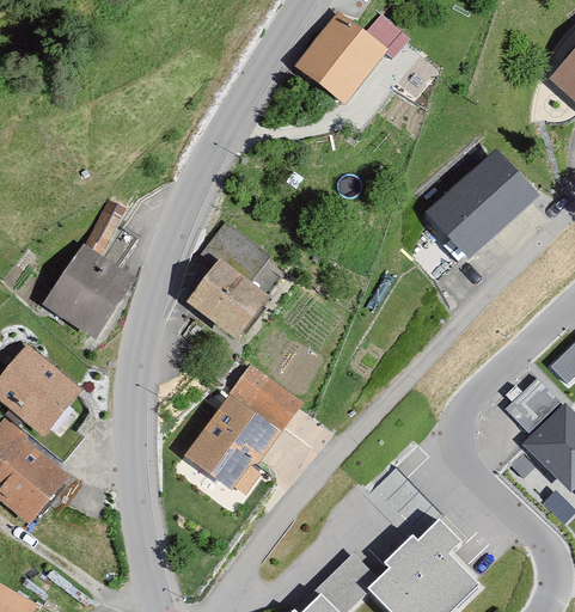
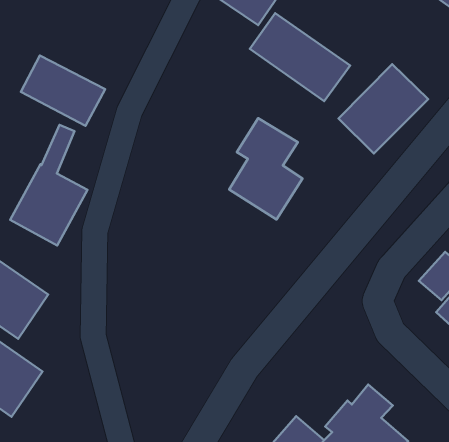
building: none -> [250,13,350,101]
building: none -> [21,55,105,126]
building: [184,225,269,342] -> [229,118,303,219]
building: [183,363,301,494] -> none

